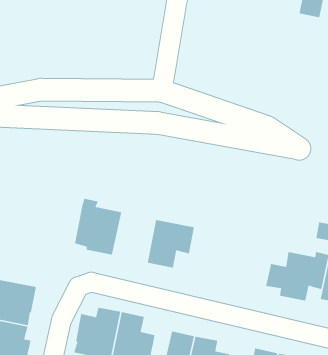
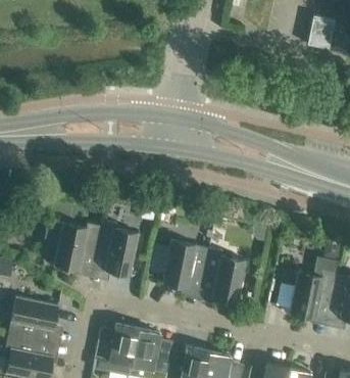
building: none -> [46,221,101,271]
building: none -> [204,248,246,303]

